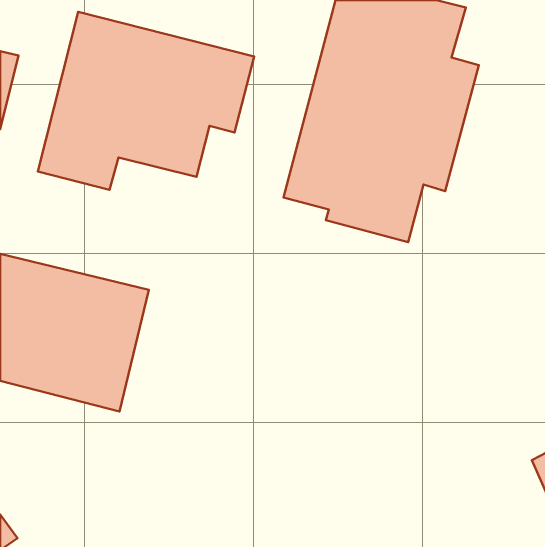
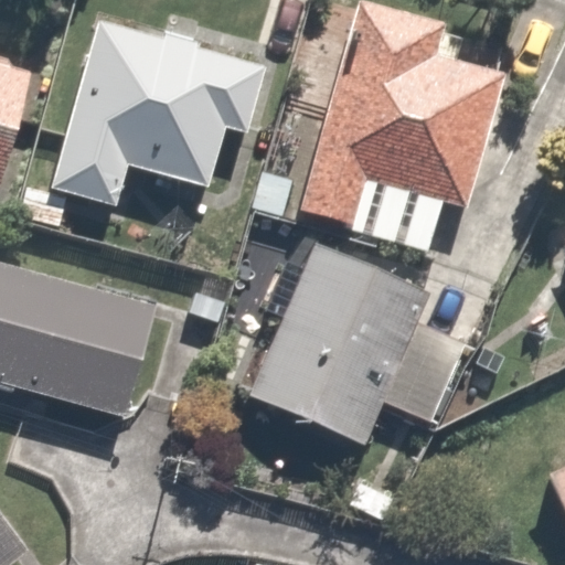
building: none -> [252,242,431,444]

